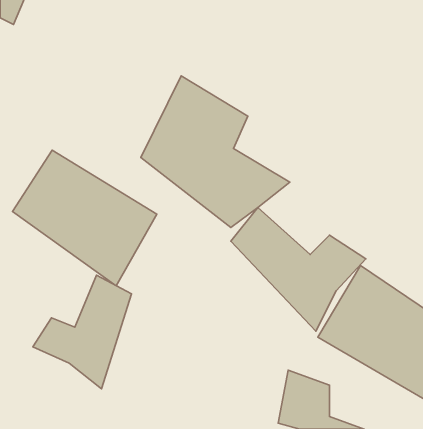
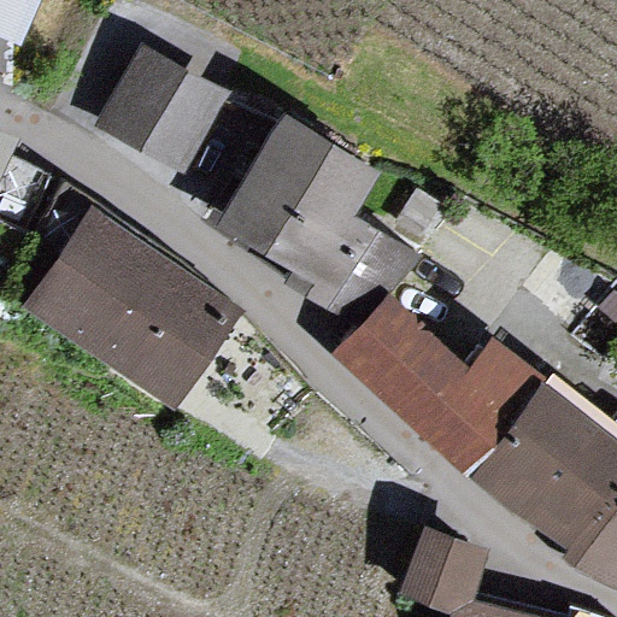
building: none -> [117,48,236,163]
building: [33,275,132,389] -> none

